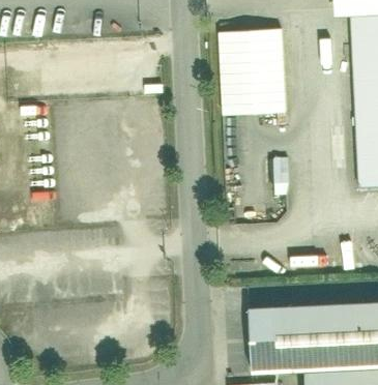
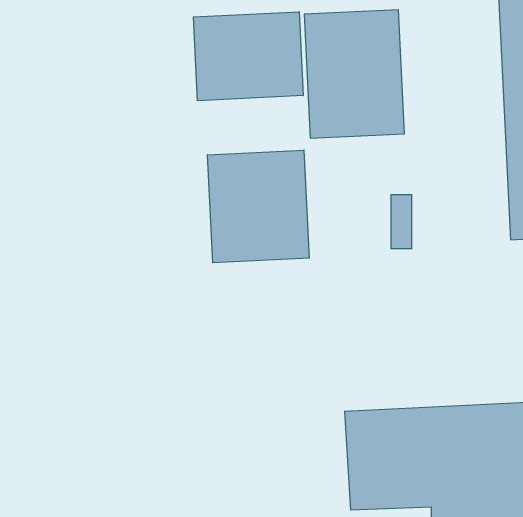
building: none -> [193,12,303,101]
building: none -> [208,150,309,263]

